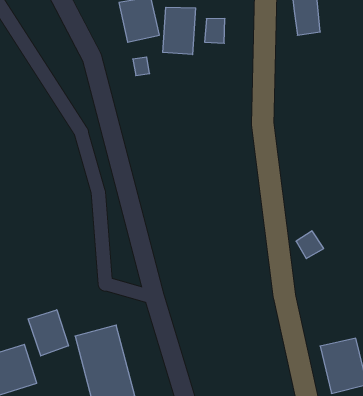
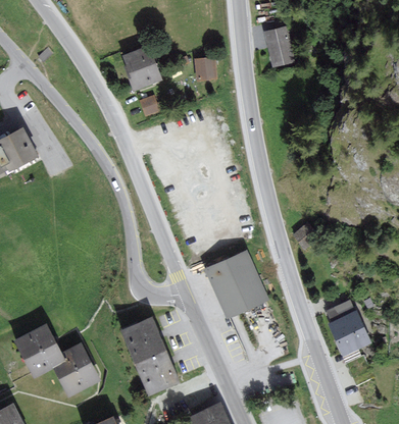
building: [163,7,196,55] -> none
building: none -> [204,254,266,318]
building: [28,310,68,356] -> none

